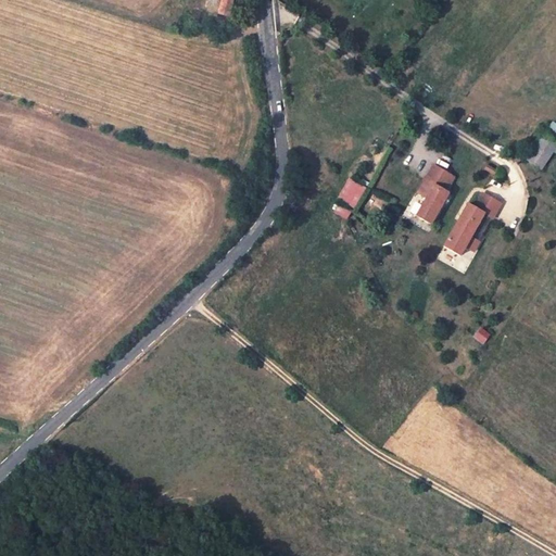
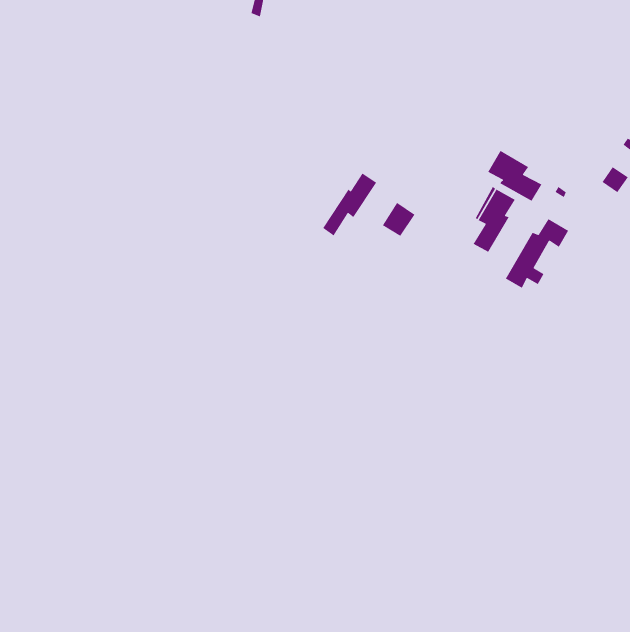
building: none -> [487,150,543,202]
building: none -> [322,172,377,237]

